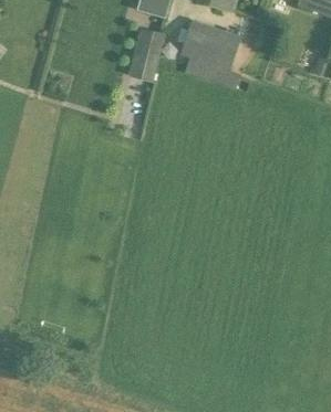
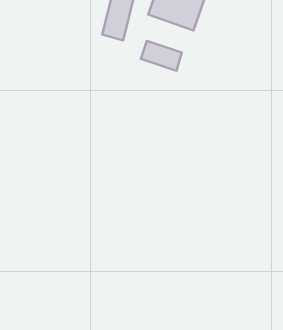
building: none -> [141,41,182,71]

